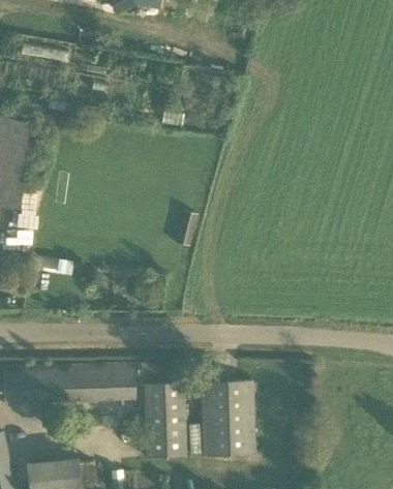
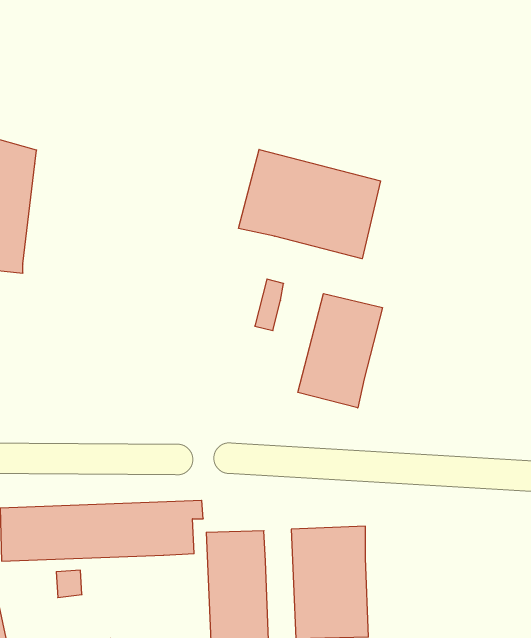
building: none -> [239,149,381,259]
building: none -> [298,294,382,408]

